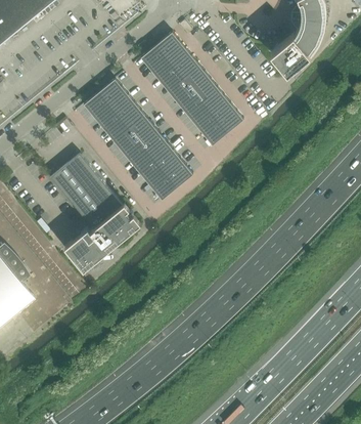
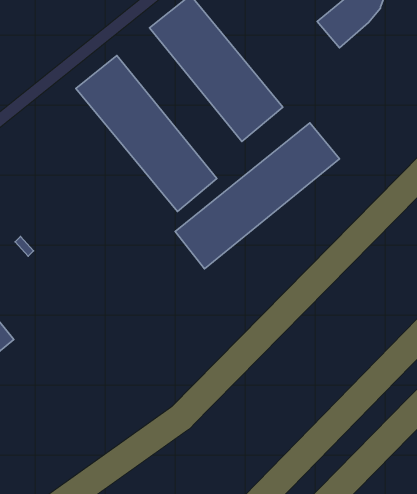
building: none -> [175,123,339,269]
building: [49,152,138,269] -> none

